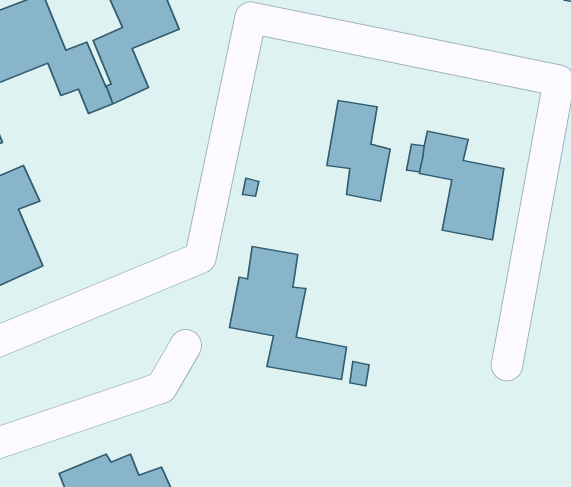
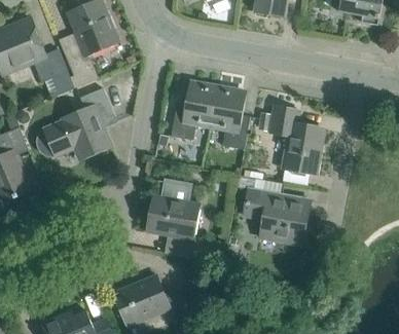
building: none -> [171,82,217,141]
building: none -> [45,88,116,158]
building: none -> [243,189,310,246]
building: none -> [112,275,185,327]

